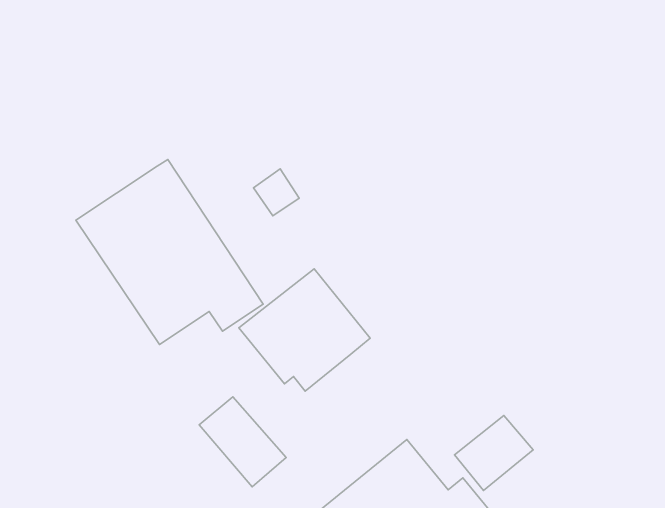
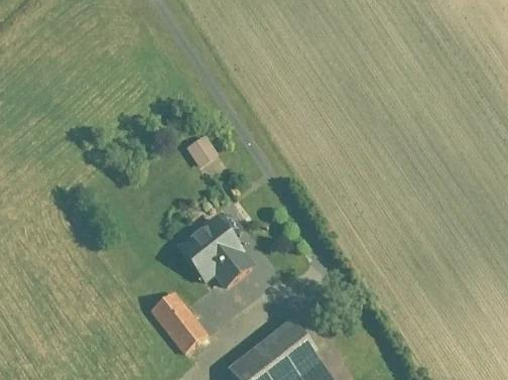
building: [76,160,263,344] -> none
building: [455,416,533,490] -> none

